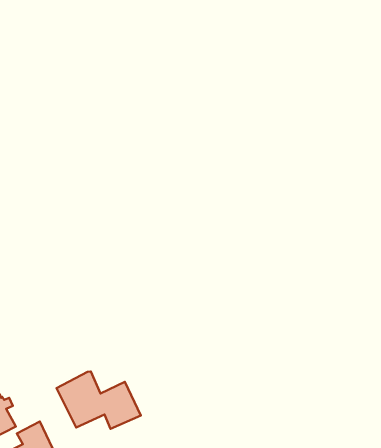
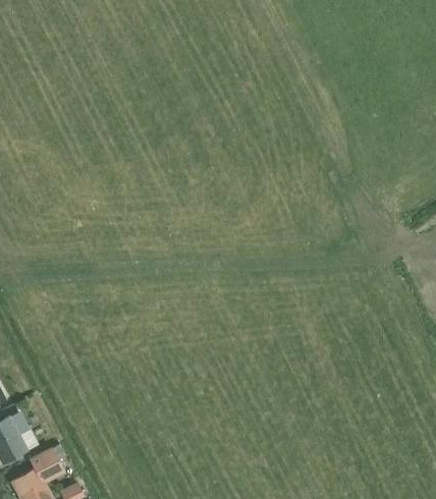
building: [57,371,141,429] -> none

